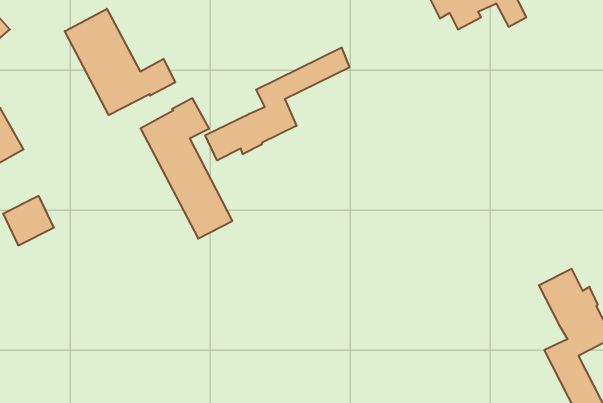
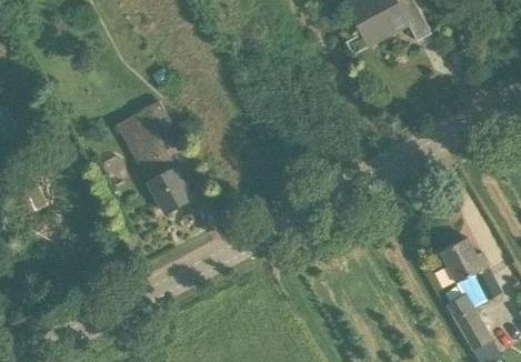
building: [65,9,175,115] -> none
building: [205,47,349,160] -> none

